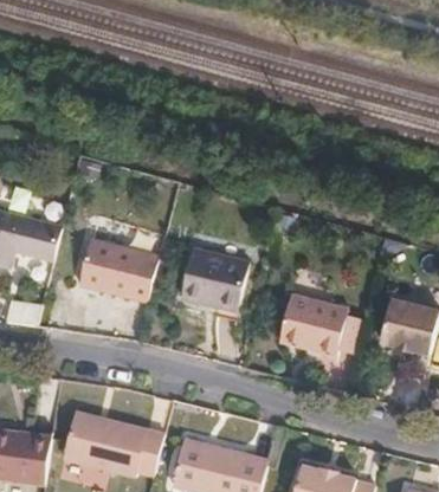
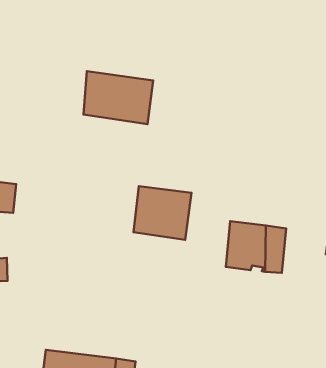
building: [82,234,161,299] -> [84,71,153,124]

